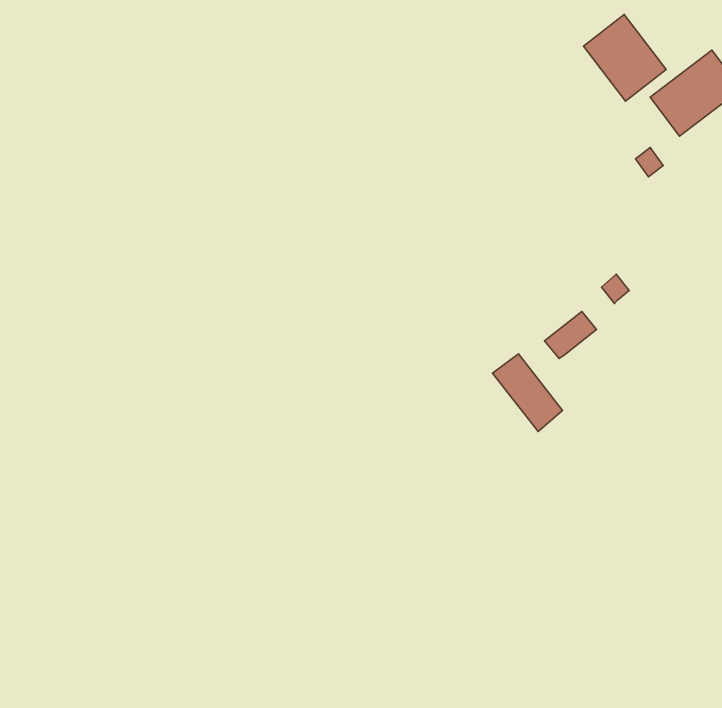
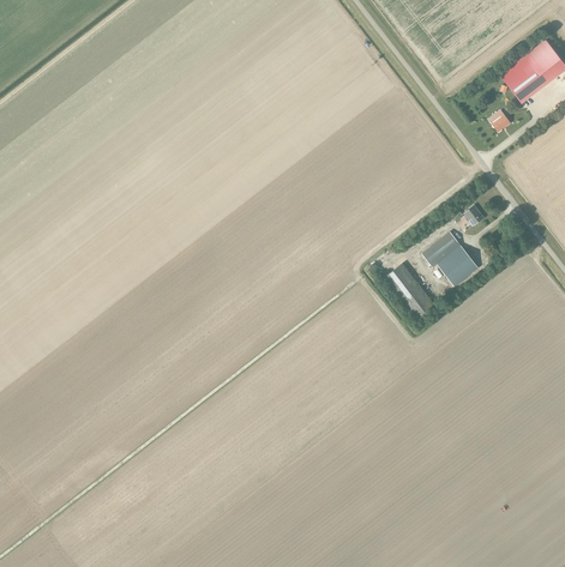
building: [584,15,666,101] -> none
building: none -> [437,245,479,285]

